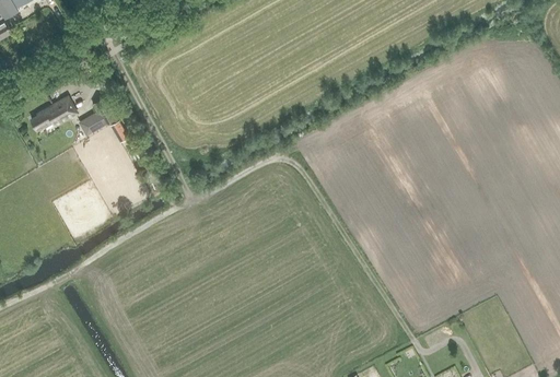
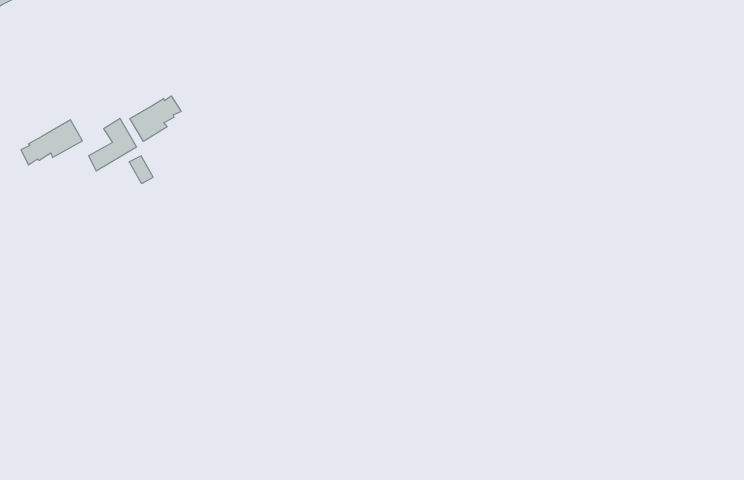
building: none -> [130,96,181,141]

